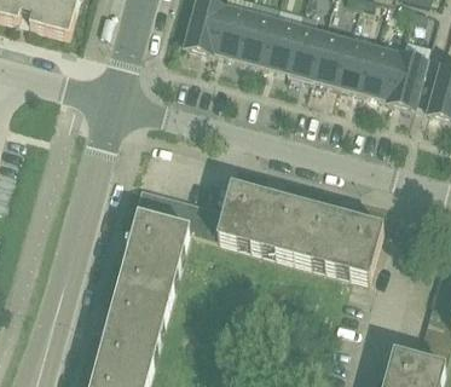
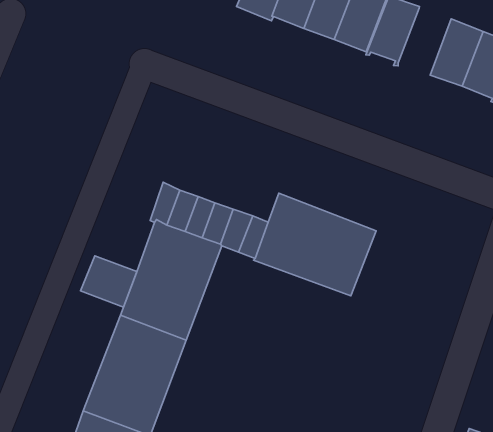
building: [311,28,348,80] -> none
building: [291,203,382,277] -> none
building: none -> [81,256,137,307]

